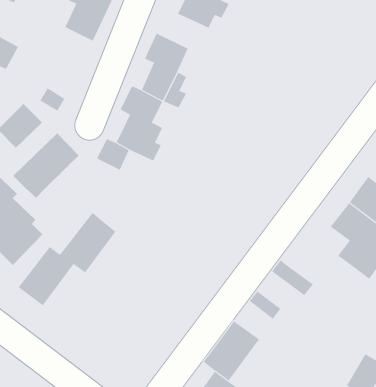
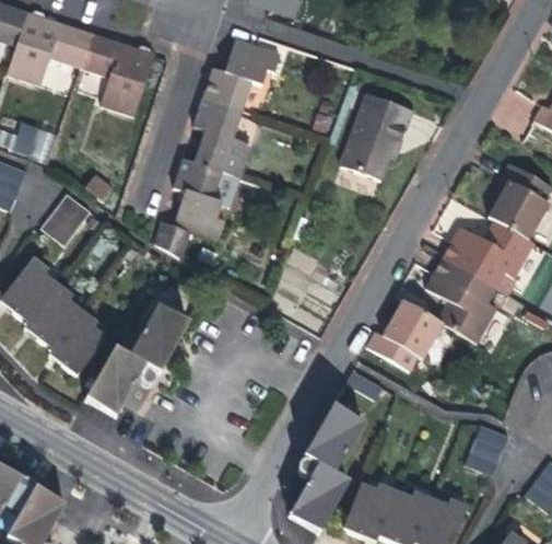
building: none -> [204,67,252,108]
building: none -> [342,94,411,177]
building: [12,132,80,199] -> none
building: none -> [381,299,443,358]

